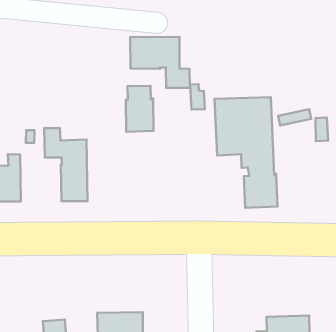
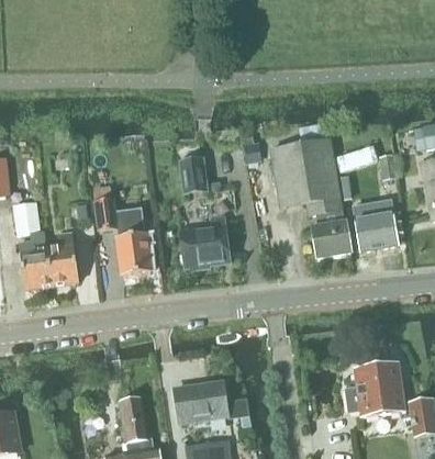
building: [130,37,190,88] -> none
building: none -> [179,215,228,267]
building: none -> [353,199,398,249]

